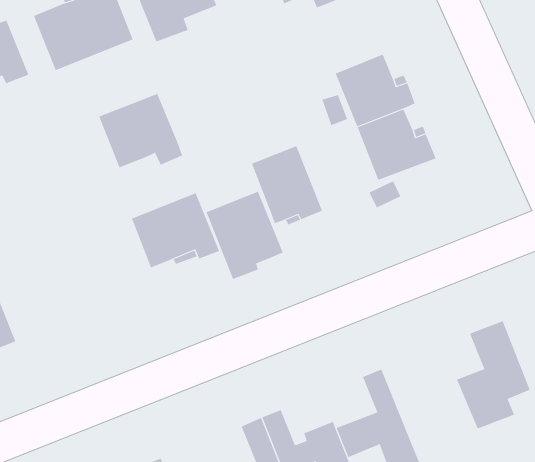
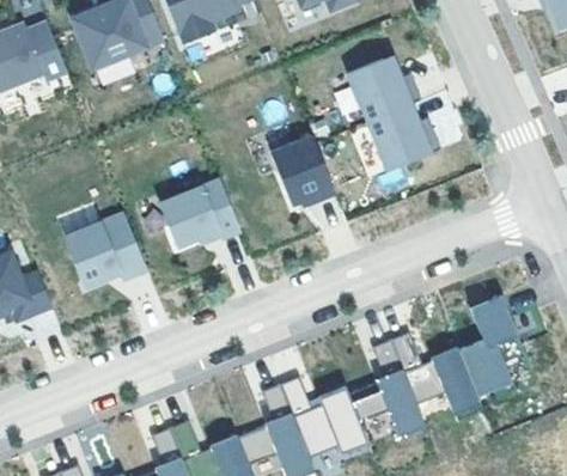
building: [98,93,183,168] -> none
building: [206,191,284,280] -> none
building: none -> [63,214,146,288]
building: none -> [389,332,480,416]

